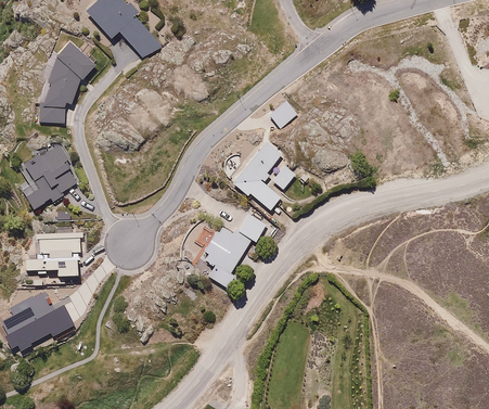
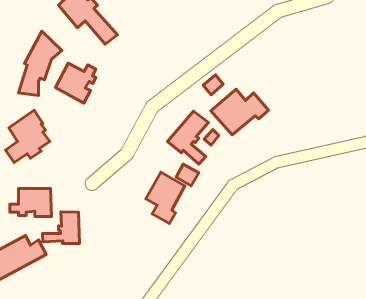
building: none -> [56,63,96,103]
building: none -> [211,89,268,135]
building: none -> [43,212,79,243]

